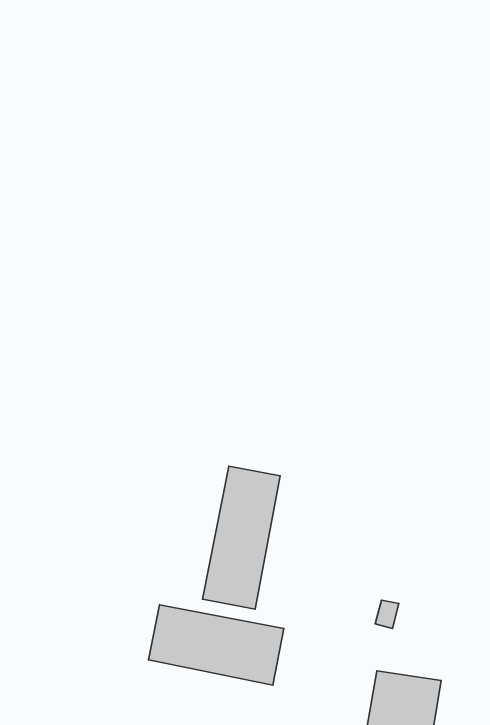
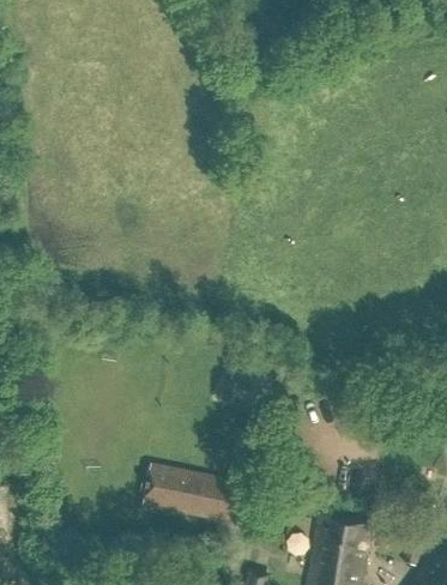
building: [203,466,280,609] -> none

